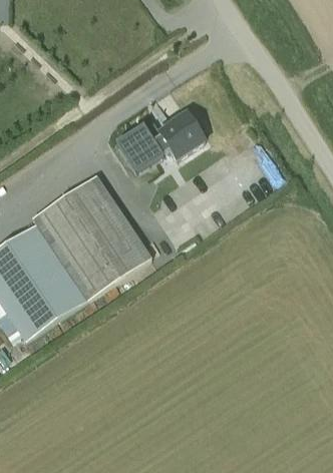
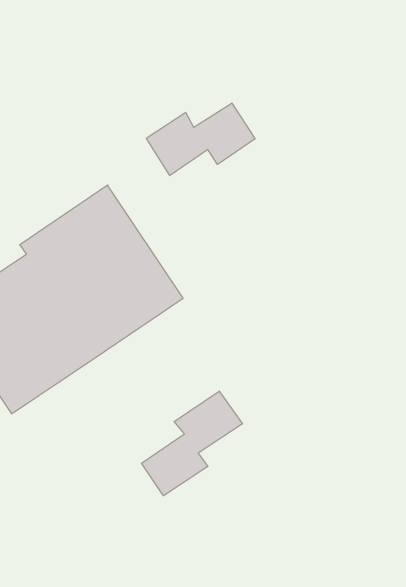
building: none -> [141,391,243,496]

